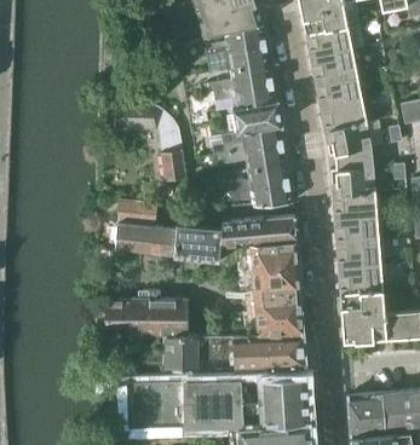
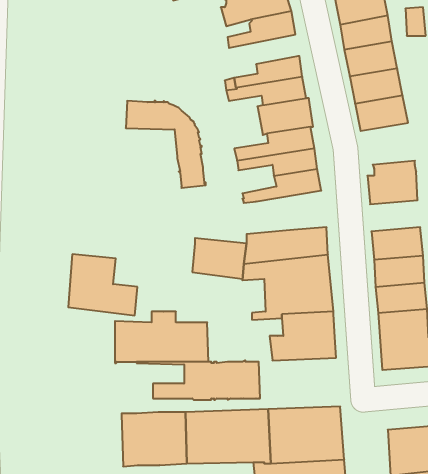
building: [207,45,269,71] -> none
building: [324,123,373,161] -> none
building: [231,184,292,207] -> none
building: [333,192,378,220] -> none
building: [115,202,177,256] -> [68,254,137,315]
building: [234,333,306,369] -> none

